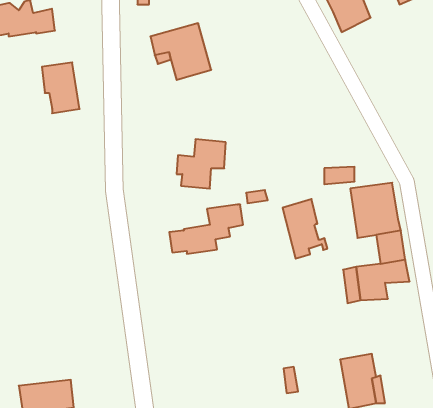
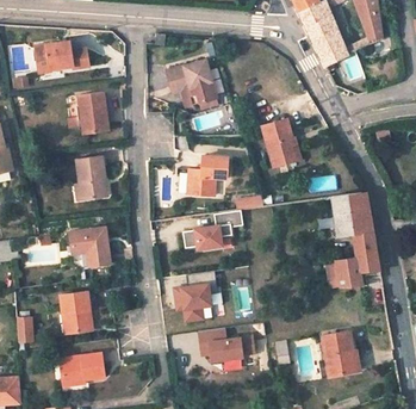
building: none -> [76,156,105,200]
building: [283,199,327,259] -> [263,119,300,168]
building: none -> [69,228,111,267]
building: none -> [172,280,212,323]
building: none -> [60,291,89,333]
building: none -> [197,328,255,362]

